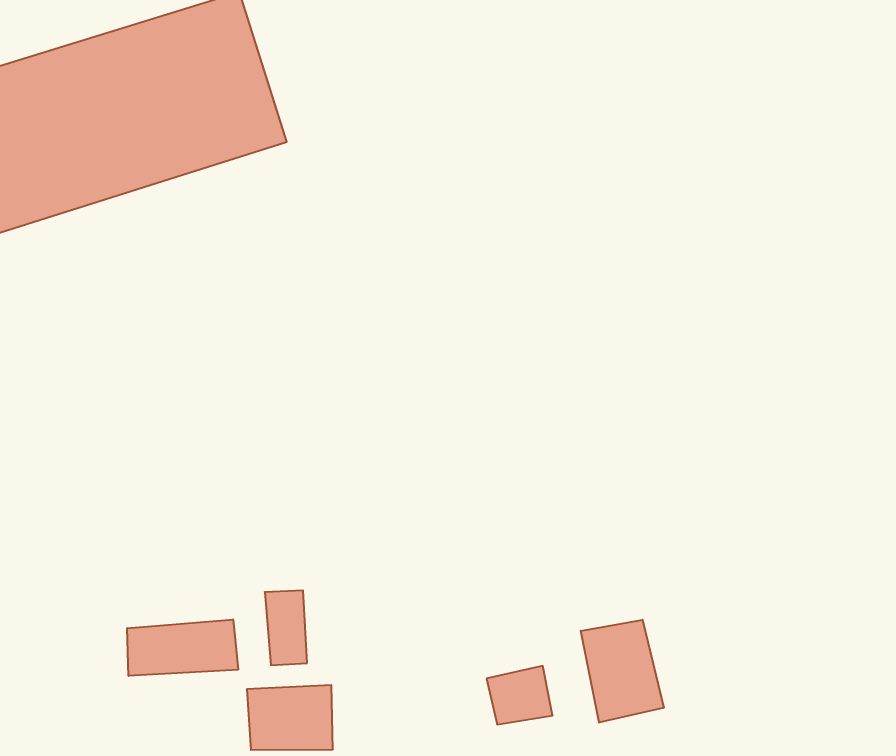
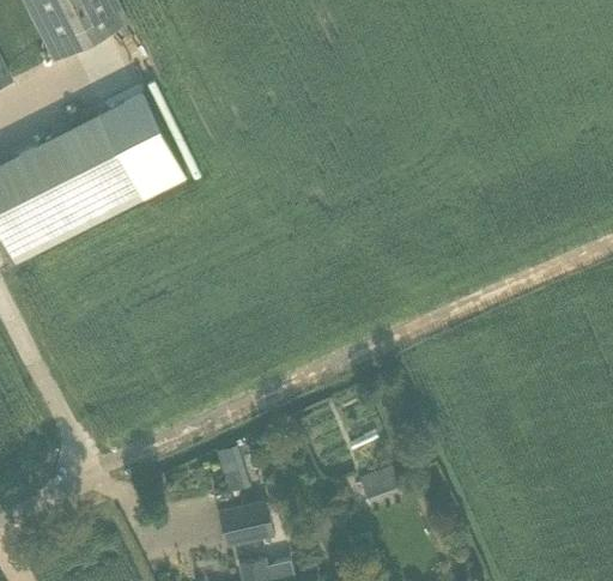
building: [127,619,238,676] -> none
building: [581,620,664,723] -> none

